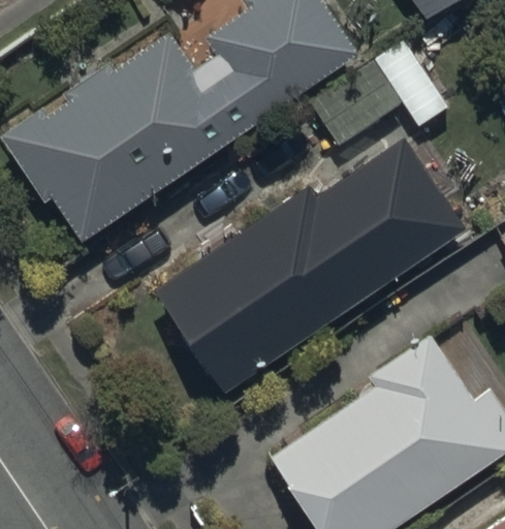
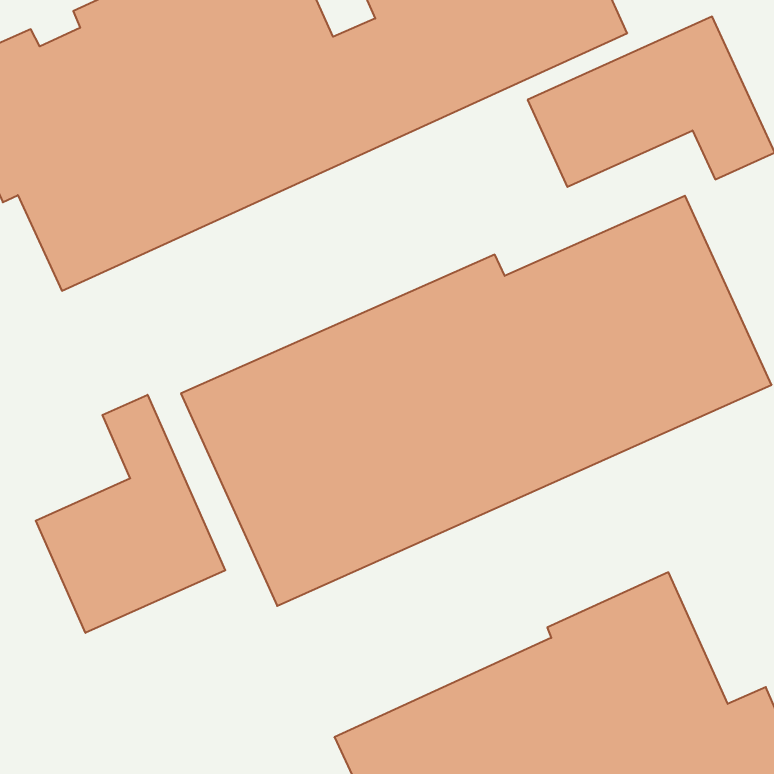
building: none -> [36,395,225,633]

